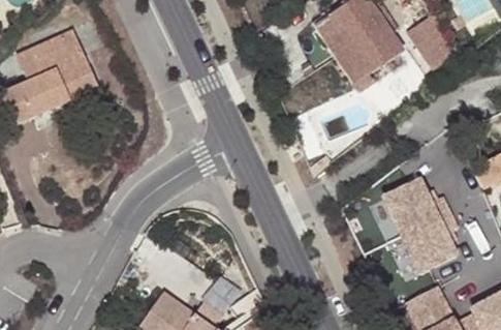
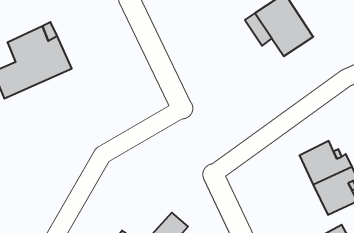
building: [409,13,449,64] -> none

